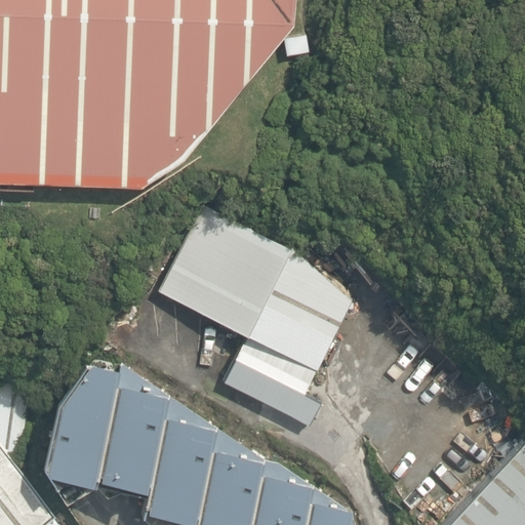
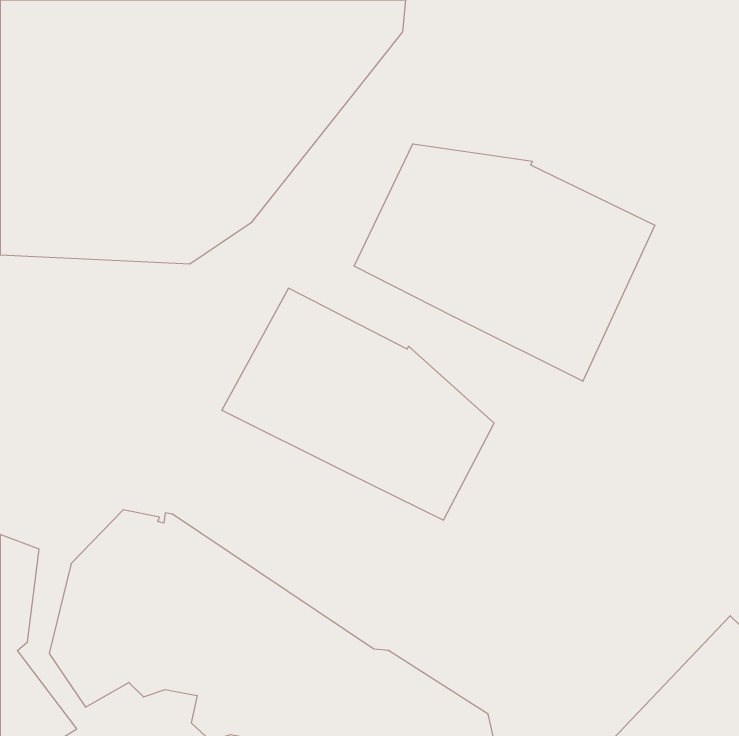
building: none -> [354,144,655,381]
building: [223,337,319,427] -> none

